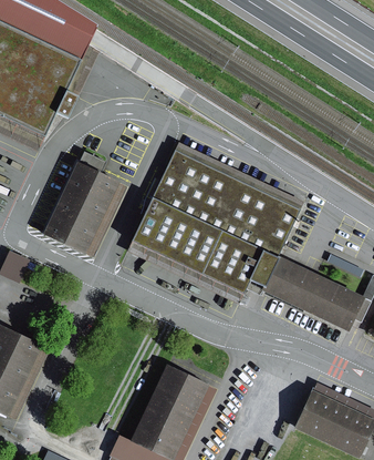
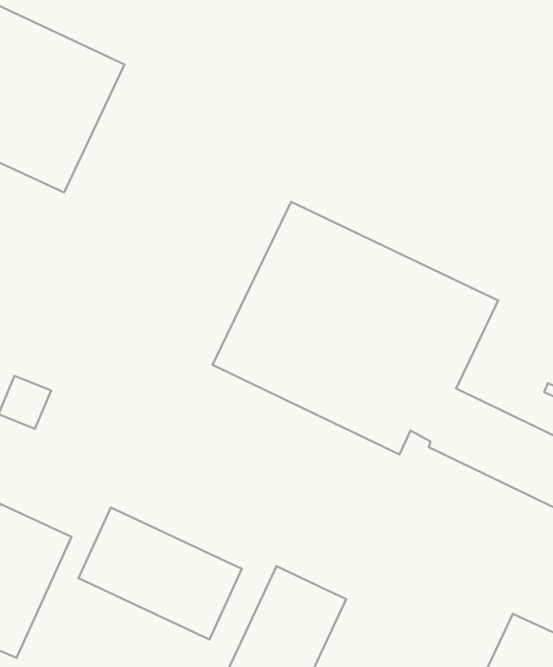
building: [43,161,121,255] -> none
building: none -> [79,508,242,639]

